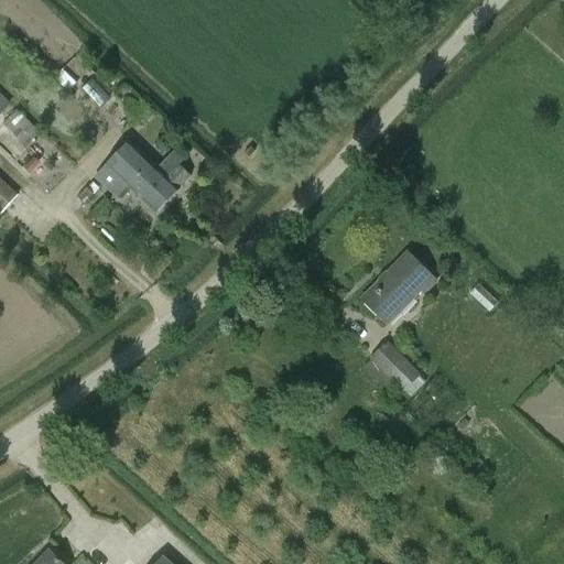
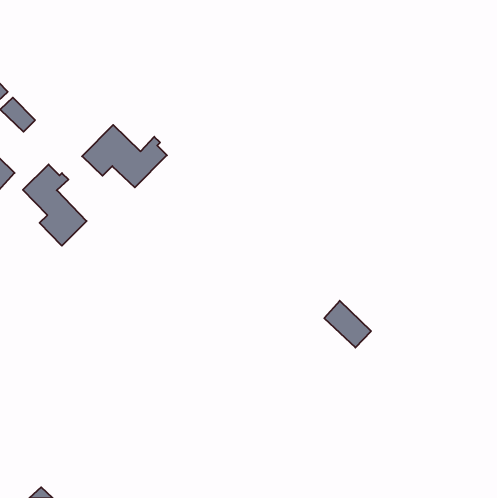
building: none -> [23,164,87,246]
building: [359,252,433,323] -> none

